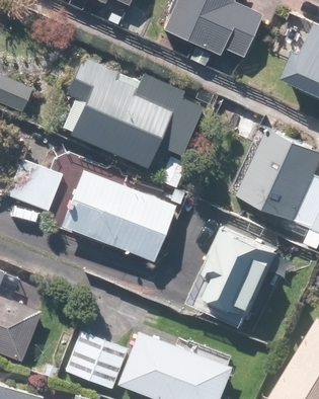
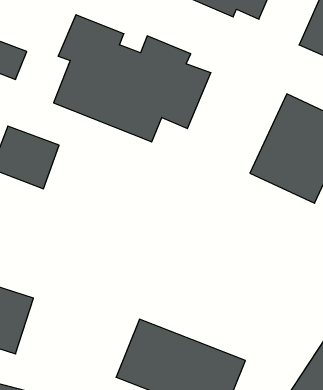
building: [58,169,175,262] -> none
building: [201,227,276,321] -> none
building: [64,326,125,386] -> none

